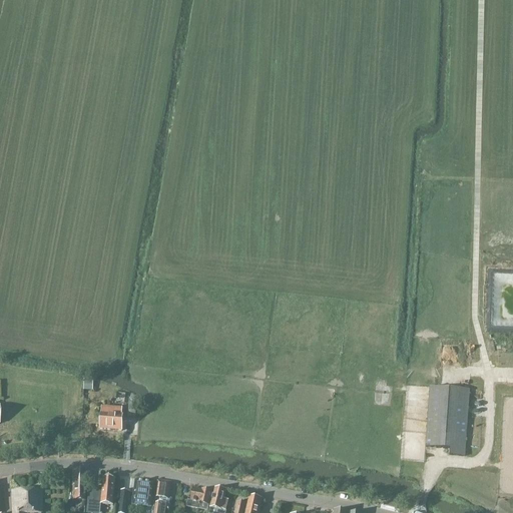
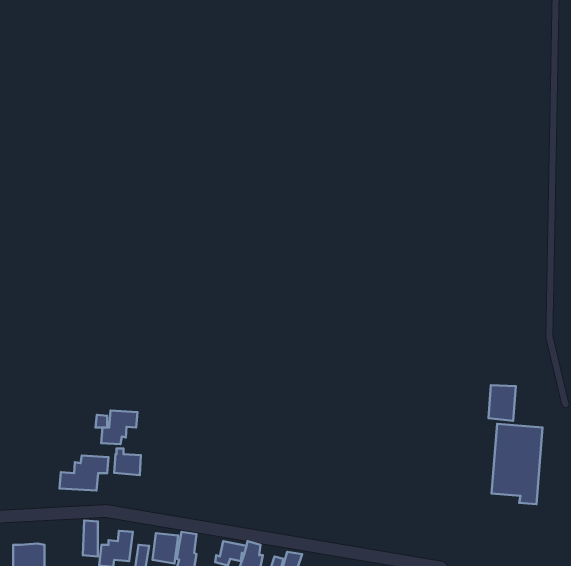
building: none -> [488,385,516,421]
building: none -> [101,411,137,444]
building: none -> [59,455,109,490]

